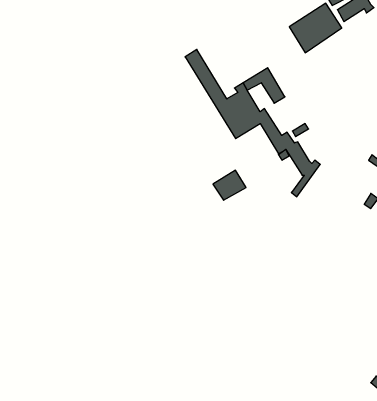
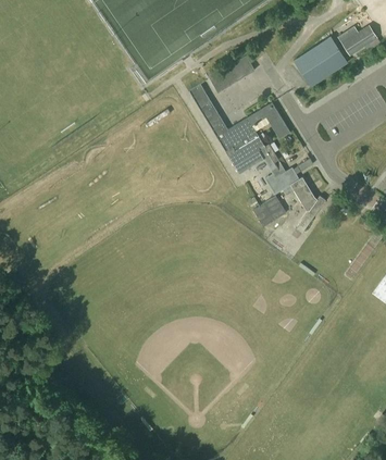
building: none -> [209,57,254,94]
building: [213,170,246,200] -> [252,197,286,227]

